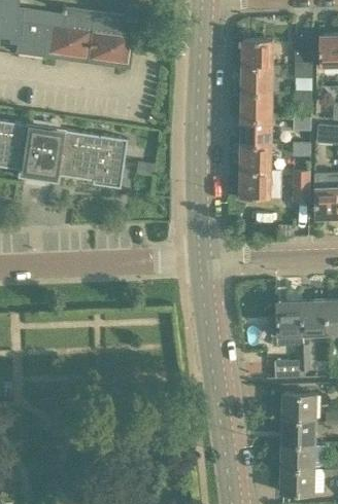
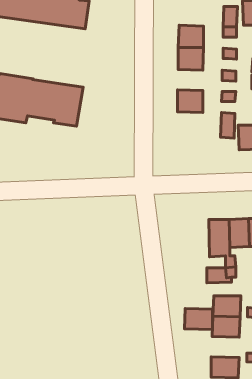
building: [241,39,272,66] -> none
building: [239,118,270,144] -> none
building: [238,170,270,196] -> none
building: [280,442,314,468] -> [184,308,212,330]

